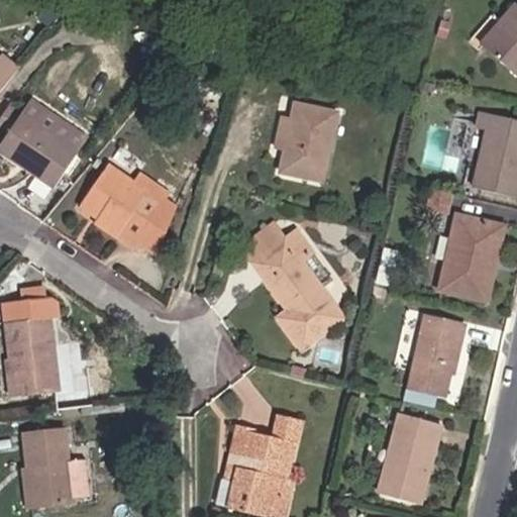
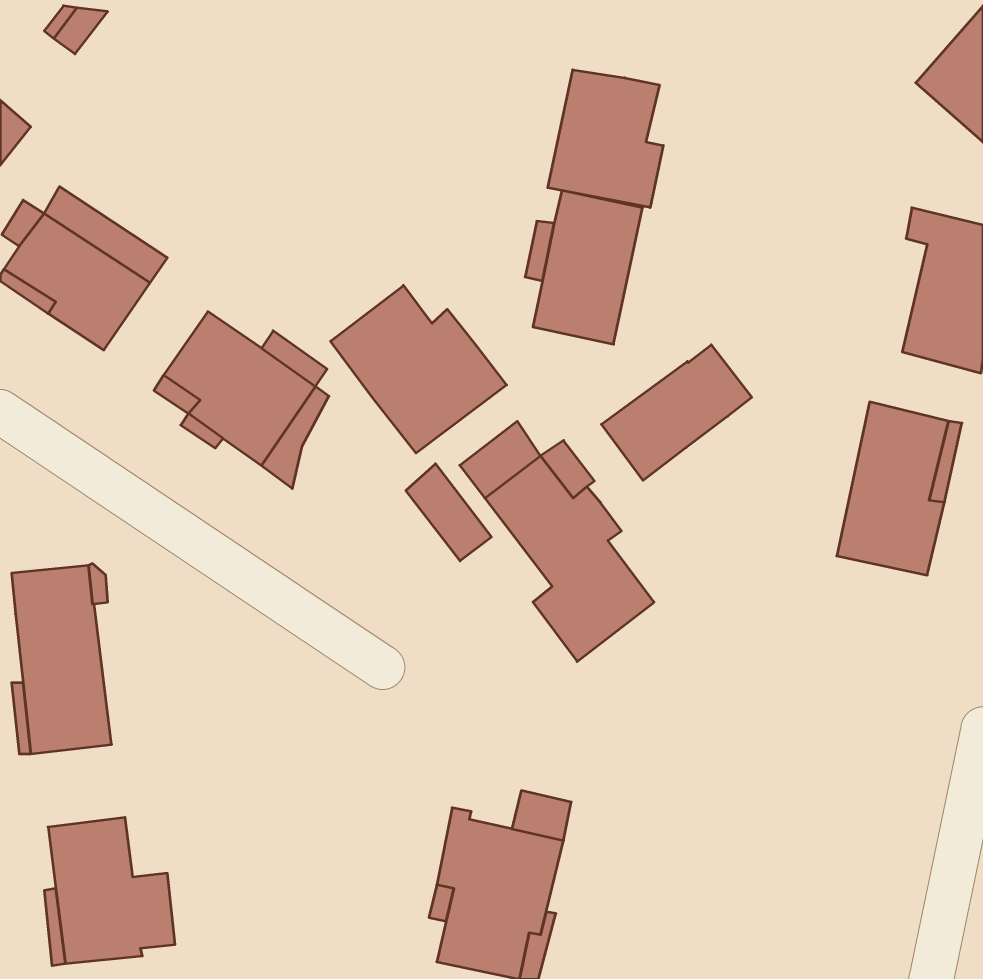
building: none -> [548,70,663,208]
building: none -> [331,285,507,453]
building: none -> [601,345,752,480]
building: none -> [406,464,491,561]
building: [409,317,464,392] -> none
building: [378,413,441,501] -> none

